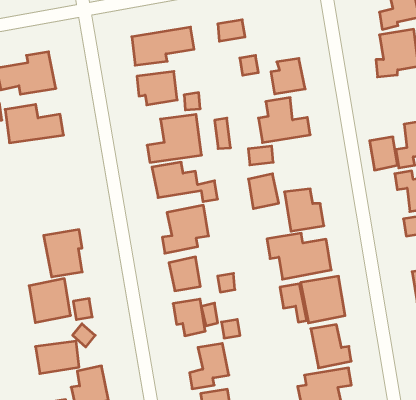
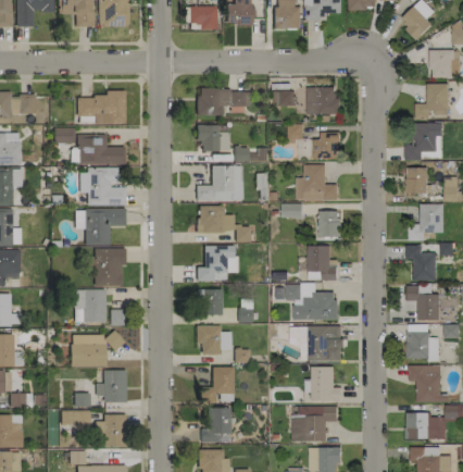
building: none -> [306,87,340,113]
building: [370,137,398,170] -> [406,167,427,194]
building: none -> [79,169,125,204]
building: [248,174,279,209] -> [318,210,341,237]
building: none -> [75,209,125,245]

